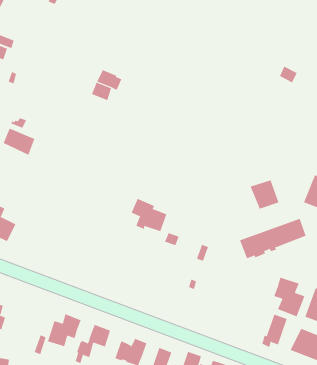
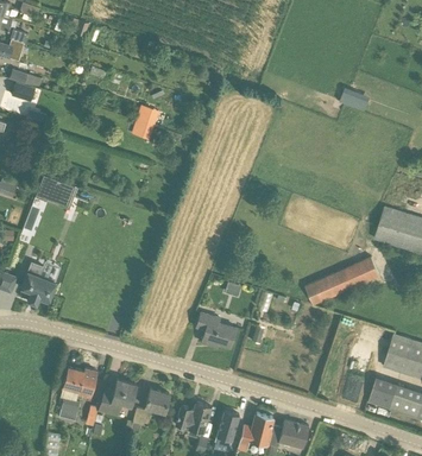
building: [250,179,279,209] -> none
building: [131,198,167,232] -> [195,311,235,347]
building: [273,277,305,317] -> none
building: none -> [61,367,96,413]

